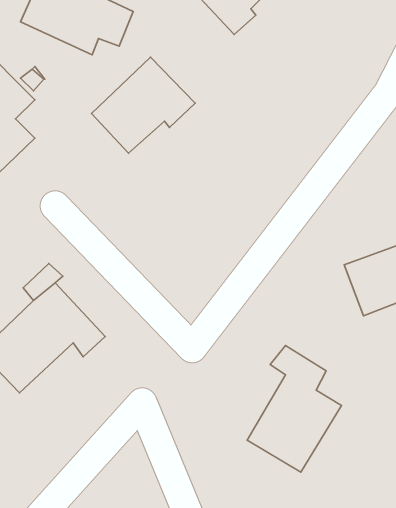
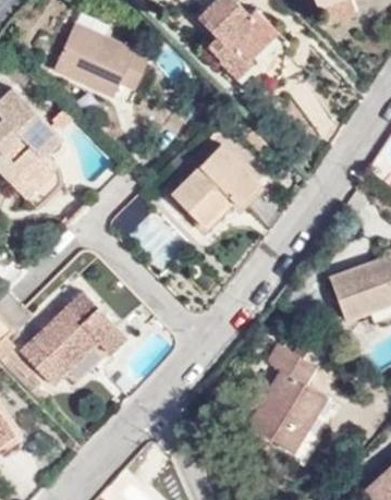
building: [92,57,195,153] -> [171,144,259,225]

